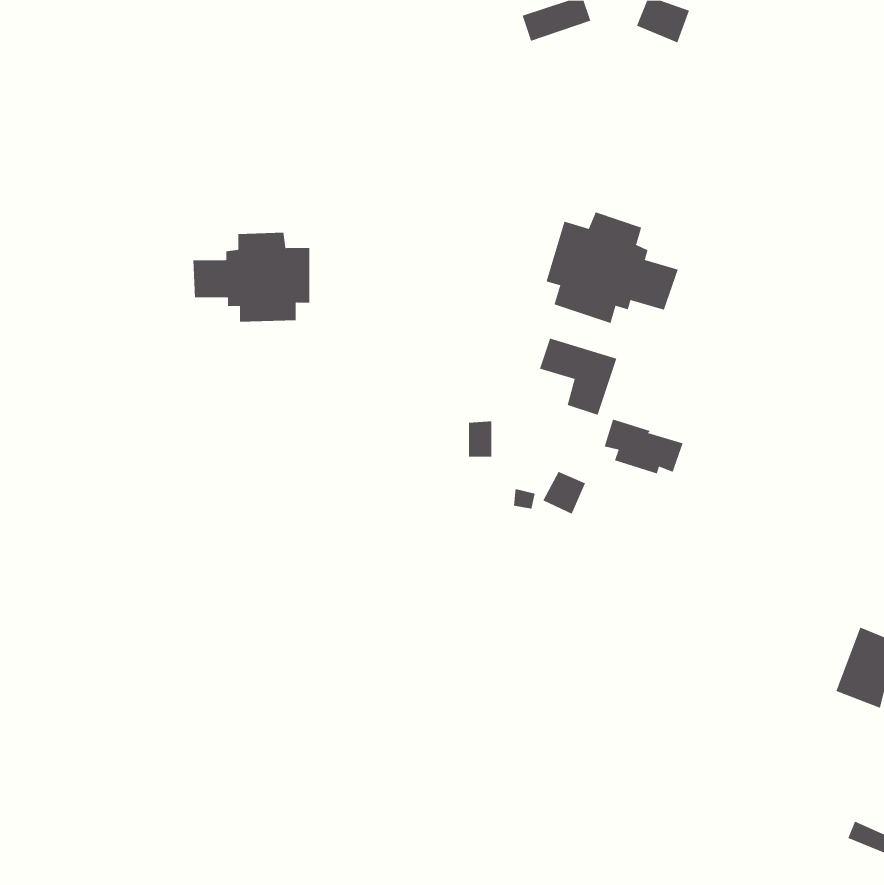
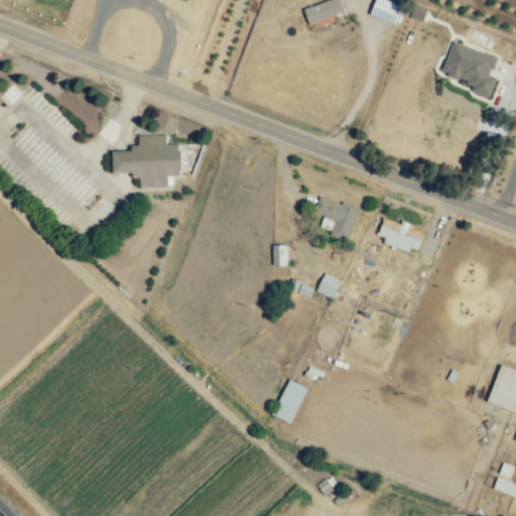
building: none -> [442,42,498,98]
building: [546,211,678,324] -> none
building: [604,419,684,474] -> [378,220,424,252]
building: none -> [273,380,307,424]

